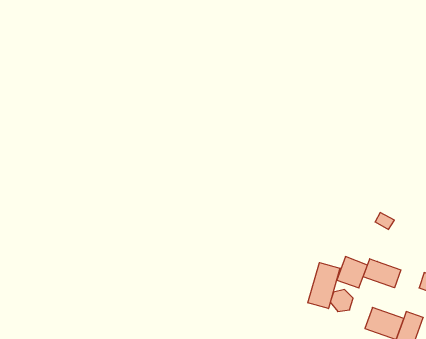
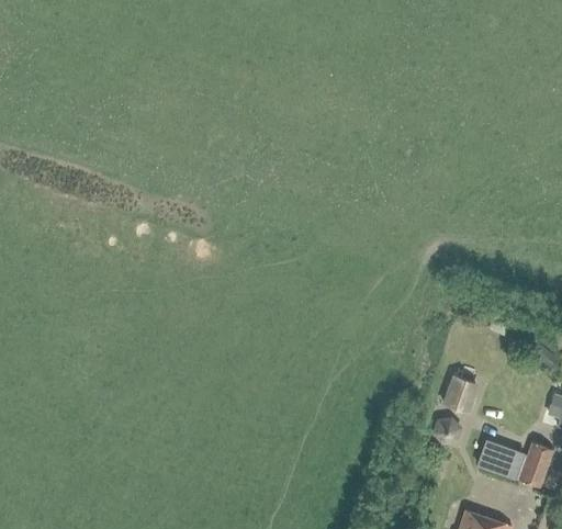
building: [363,259,401,288] -> none
building: [308,263,340,309] -> none

